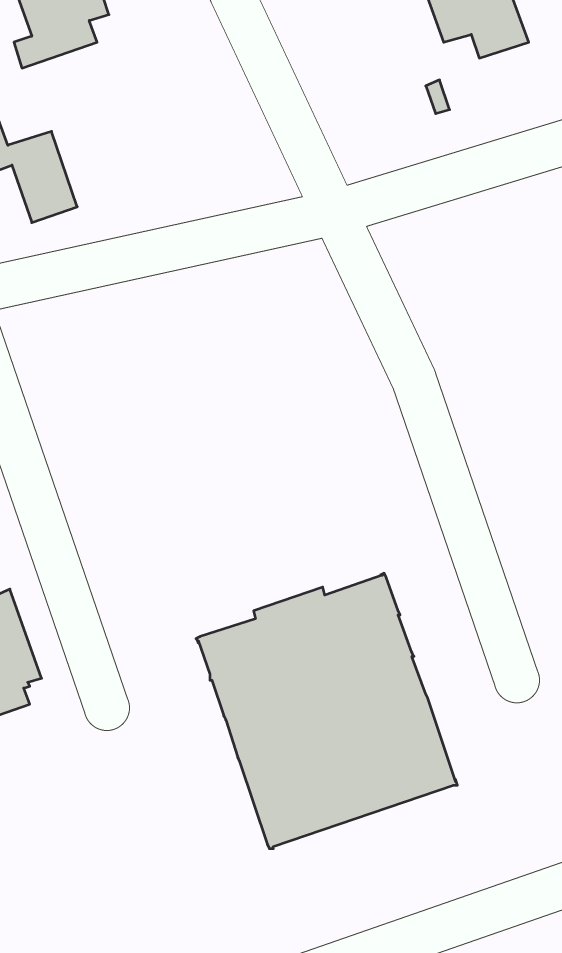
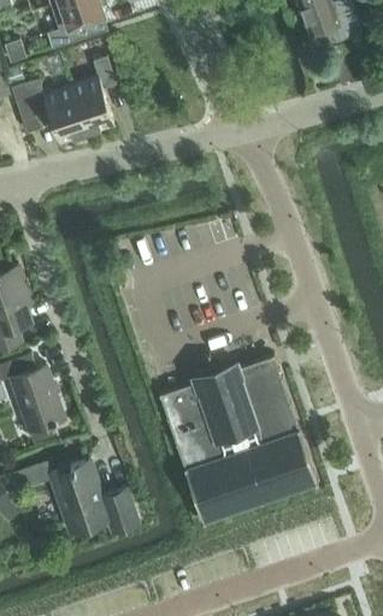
building: none -> [70,58,114,134]
building: none -> [49,461,137,533]

